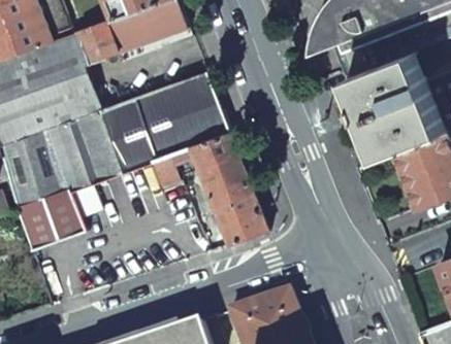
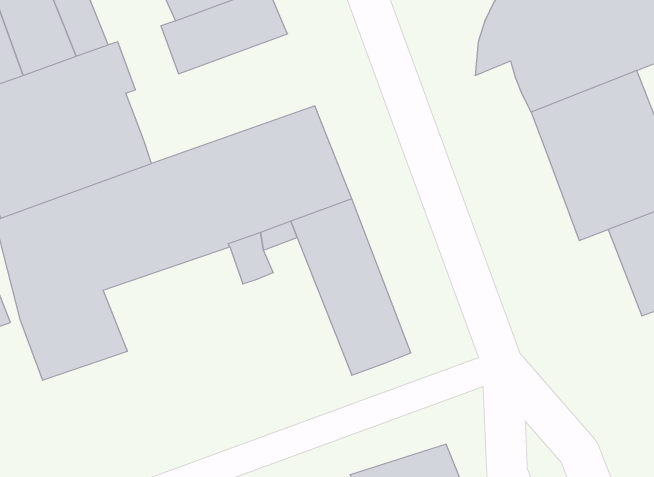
building: [78,22,118,63] -> none

